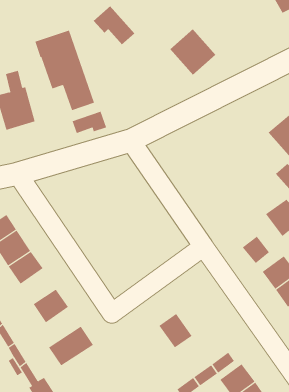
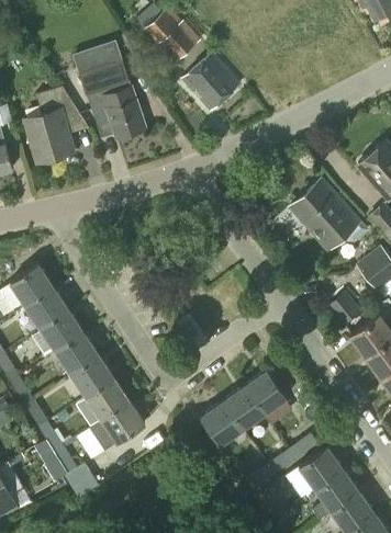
building: [170,29,216,75] -> [182,54,239,111]
building: [72,111,107,134] -> none
building: none -> [290,181,359,250]
building: none -> [55,331,99,375]
building: none -> [246,371,287,413]
building: none -> [86,378,130,420]
building: none -> [200,401,244,446]

